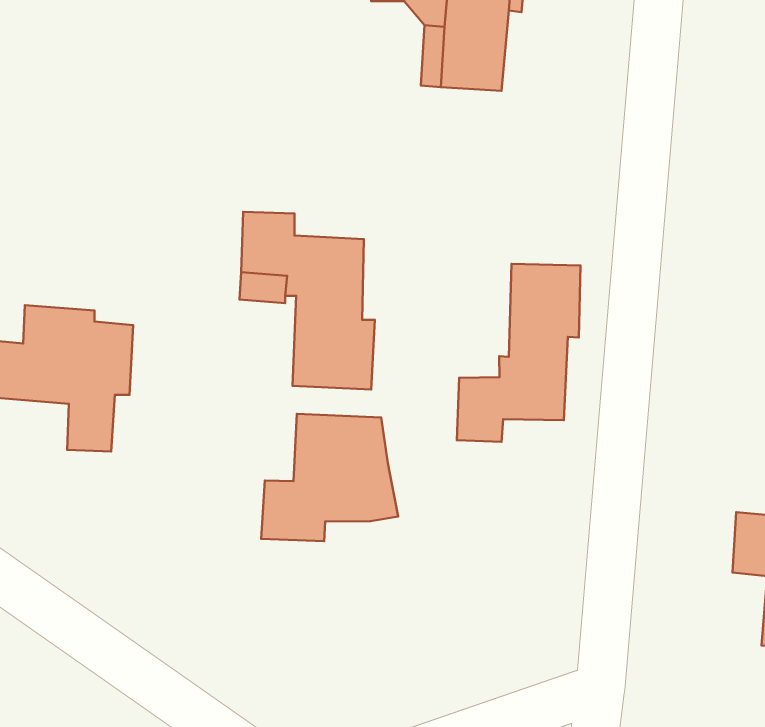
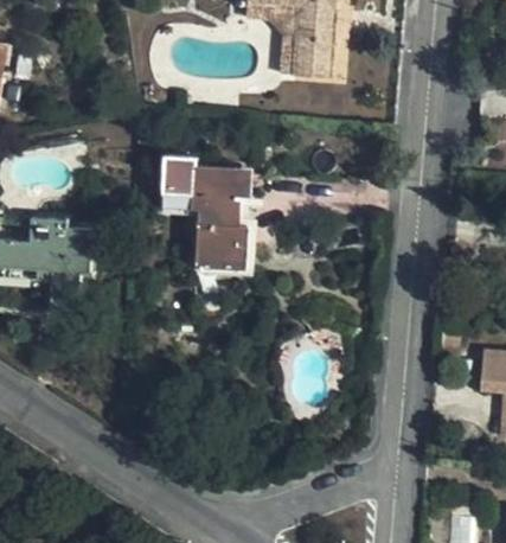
building: [457,264,581,442] -> none
building: [261,414,398,541] -> none

